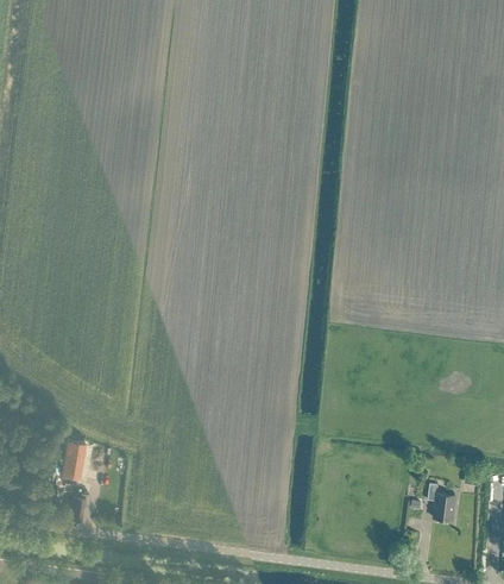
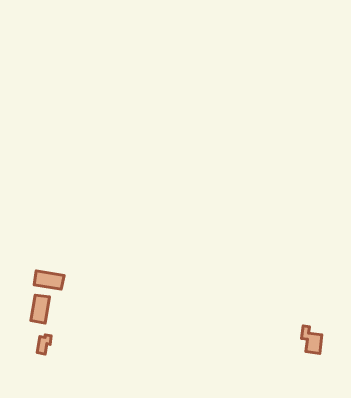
building: none -> [34,271,64,289]

